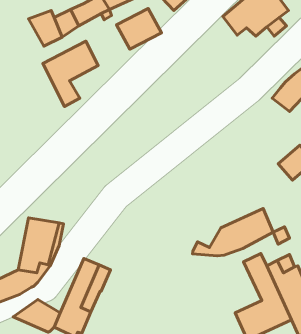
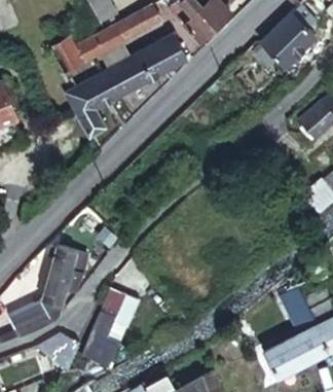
building: none -> [112,55,156,96]
building: [192,209,273,256] -> none

